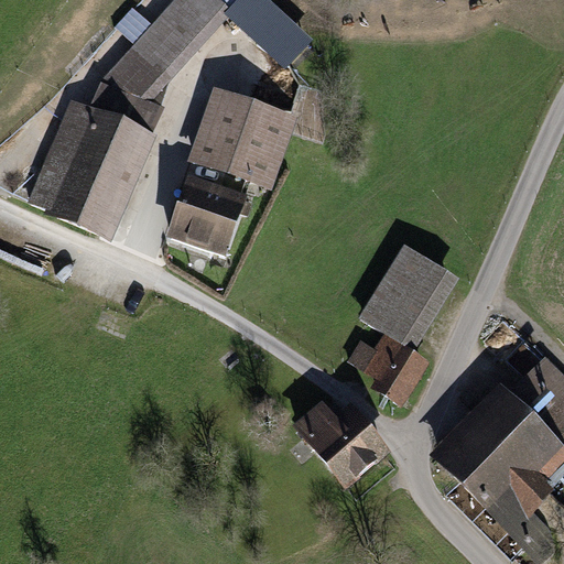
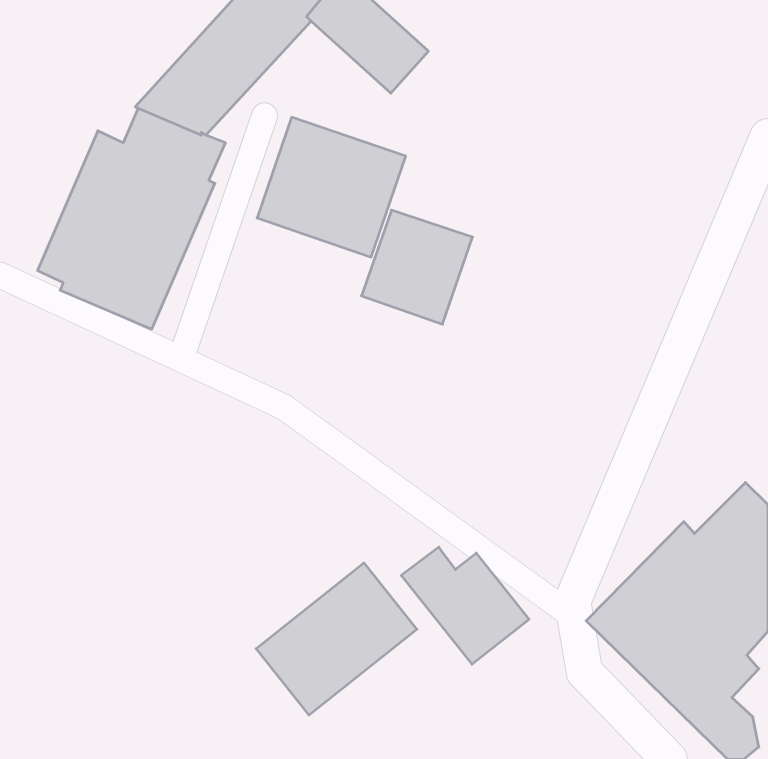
building: [167,175,249,259] -> [361,210,473,324]
building: [348,245,457,406] -> none
building: none -> [256,563,417,715]

